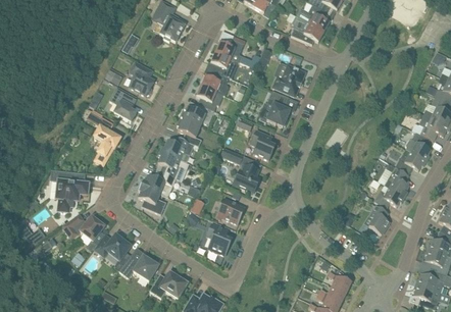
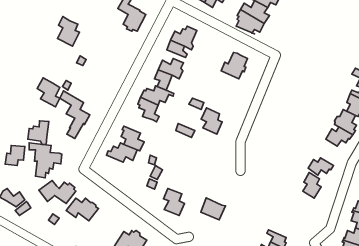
building: [129,61,154,96] -> [58,16,79,46]
building: [109,88,136,121] -> [37,78,60,107]
building: [266,90,290,126] -> none
building: [160,137,194,159] -> none
building: none -> [28,121,49,145]
building: [232,164,259,193] -> none
building: [384,164,409,197] -> none
building: none -> [5,145,25,166]
building: [138,185,165,214] -> none
building: [216,199,245,224] -> [201,198,225,220]
building: [118,255,158,281] -> none

